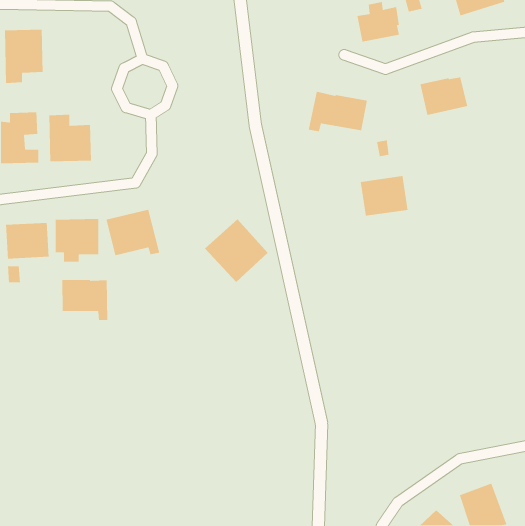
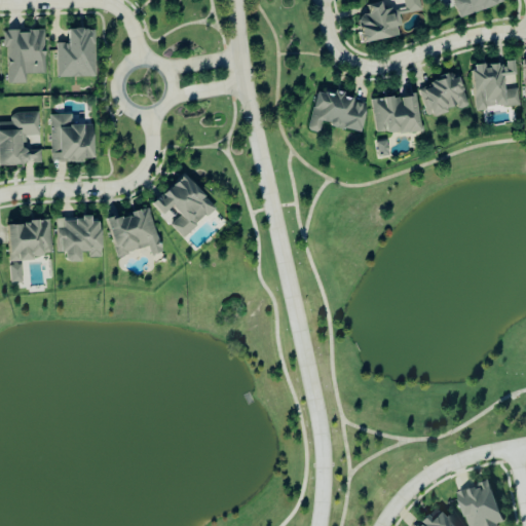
building: none -> [58,28,97,77]
building: none -> [472,60,520,109]
building: [360,175,408,217] -> [373,93,421,135]
building: [204,219,268,283] -> [152,174,216,237]
building: [61,279,108,321] -> none

